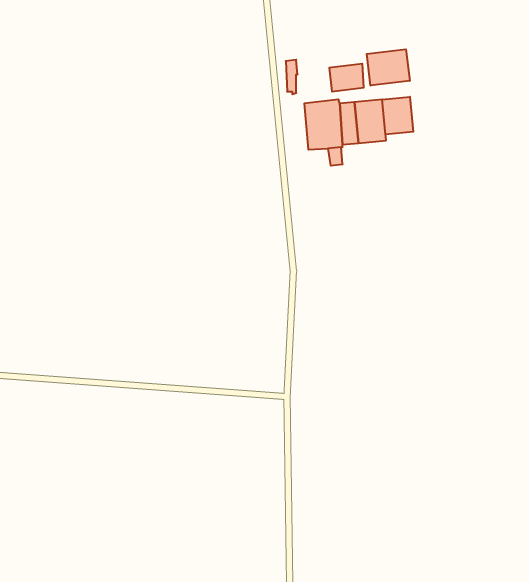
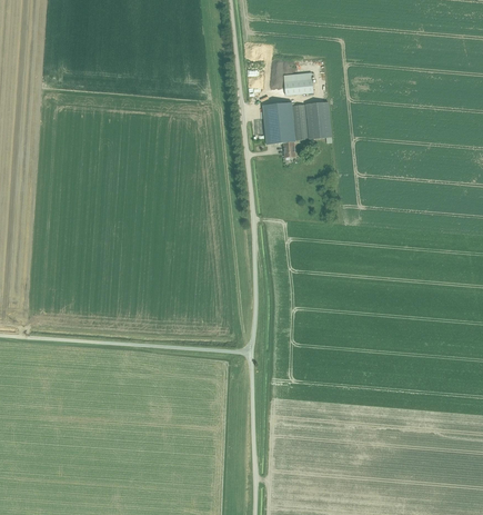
building: [367,49,410,86] -> none
building: [382,97,413,134] -> none

